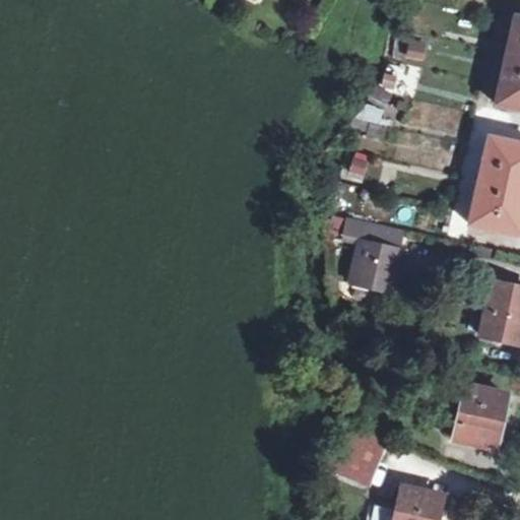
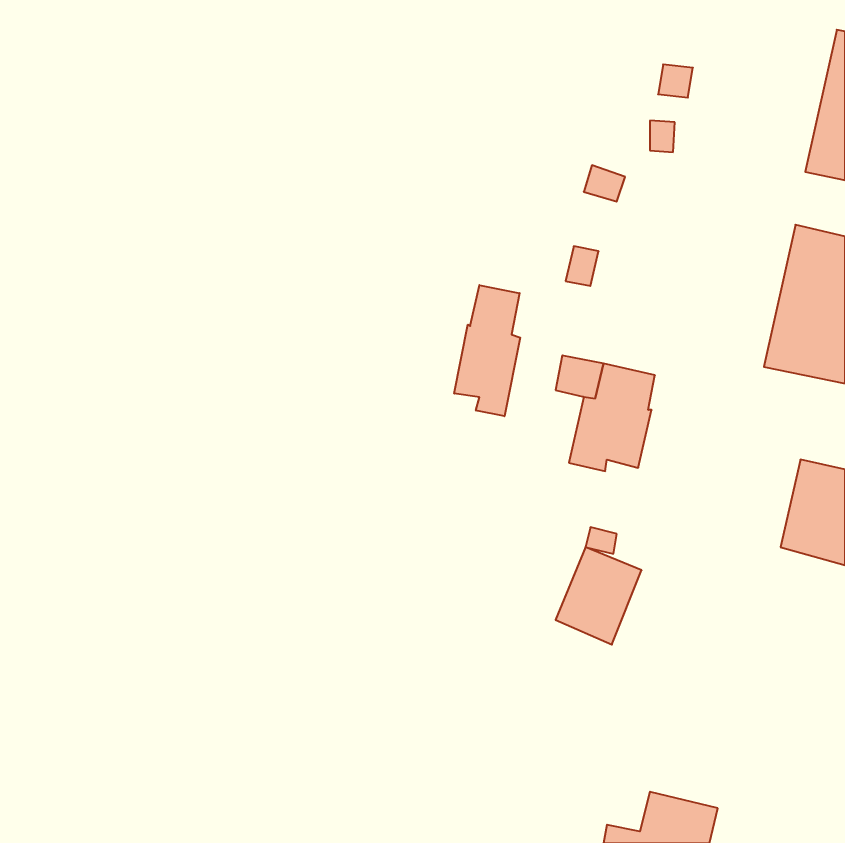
building: none -> [454,285,520,416]
building: [453,387,505,450] -> none
building: [334,427,387,486] -> [556,547,642,645]

